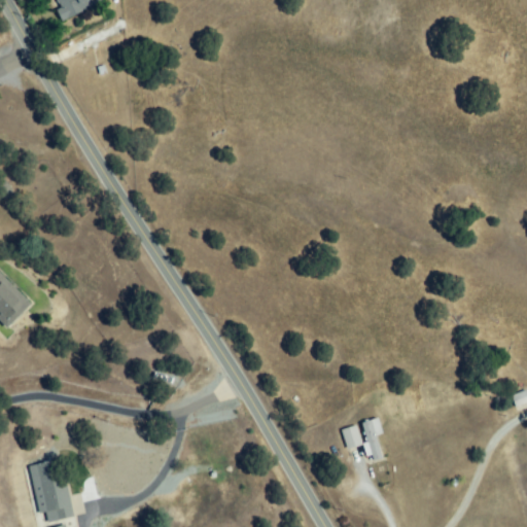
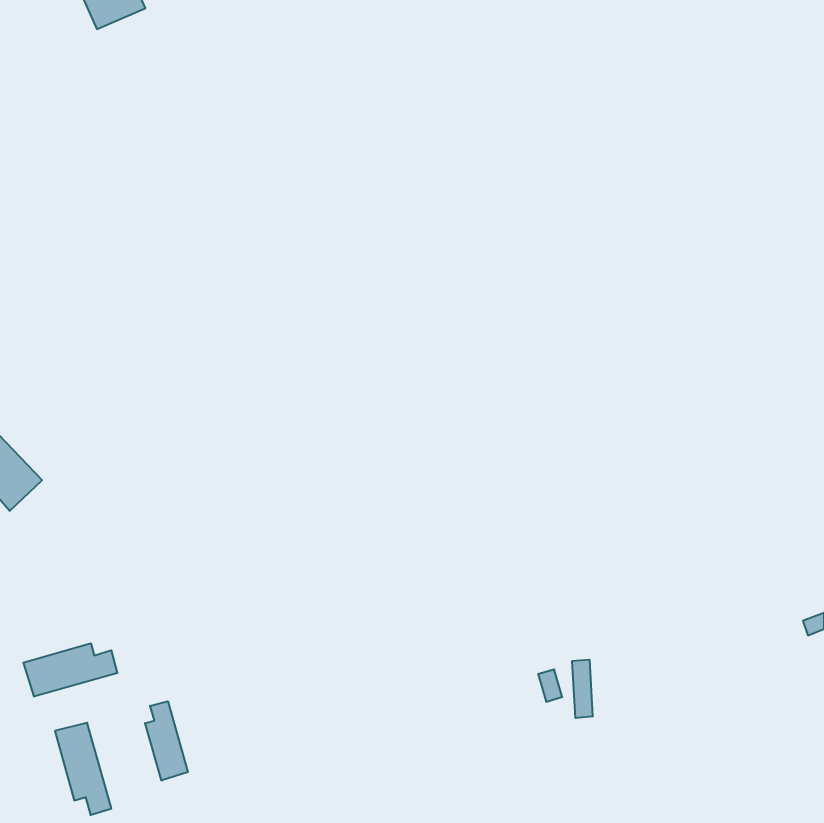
building: none -> [23,643,117,697]
building: none -> [145,701,188,781]

